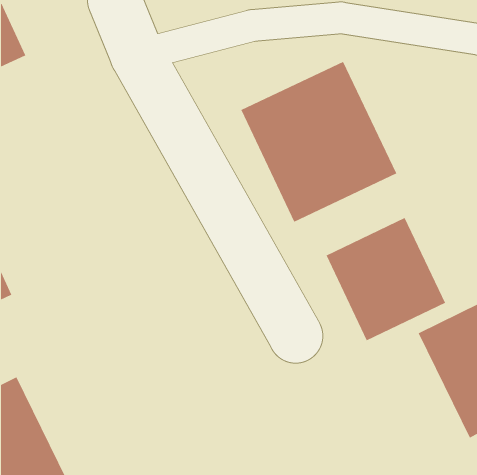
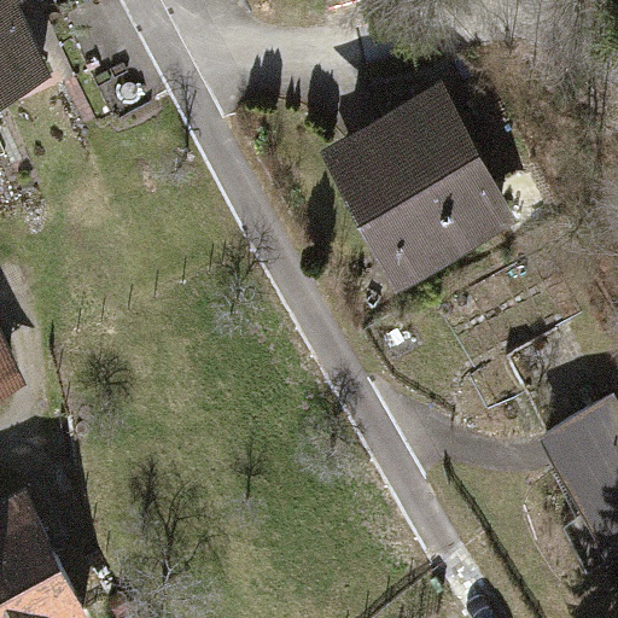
building: [326,217,446,341] -> none

